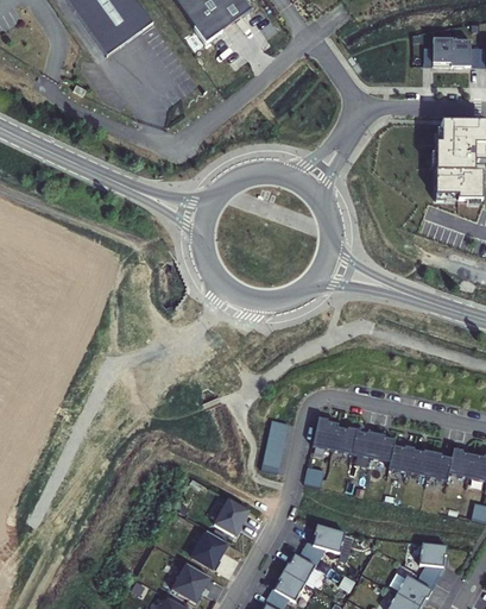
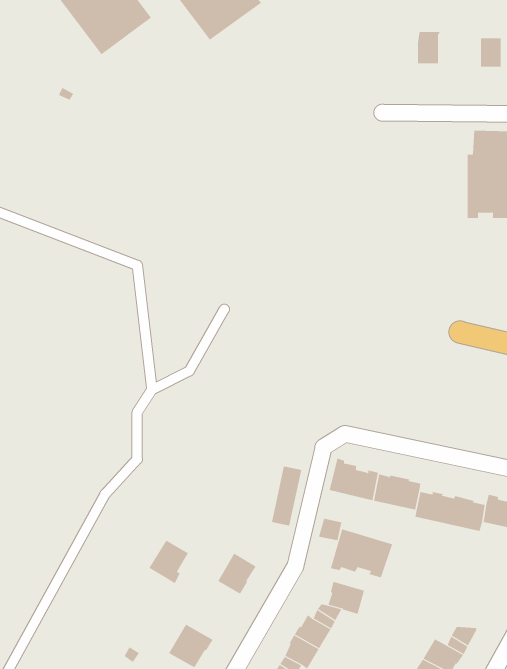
building: [429,38,449,67] -> [417,32,440,64]
building: none -> [330,528,393,578]
building: [192,530,228,570] -> [148,540,189,584]
building: [421,541,448,565] -> none

